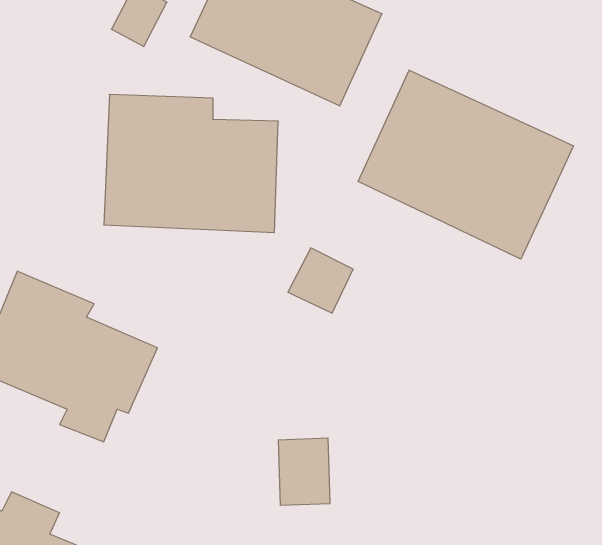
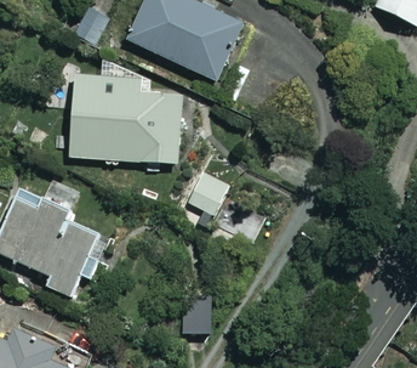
building: [358,70,573,259] -> none

